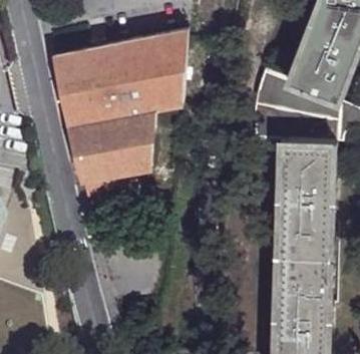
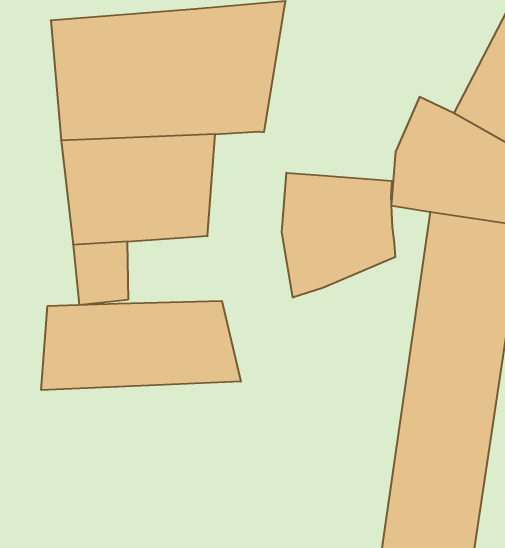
building: none -> [282,173,395,298]
building: none -> [41,301,241,390]

